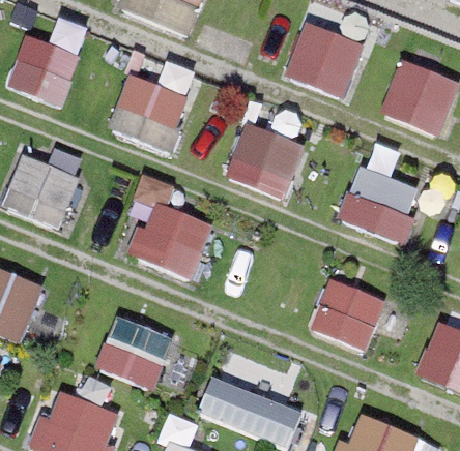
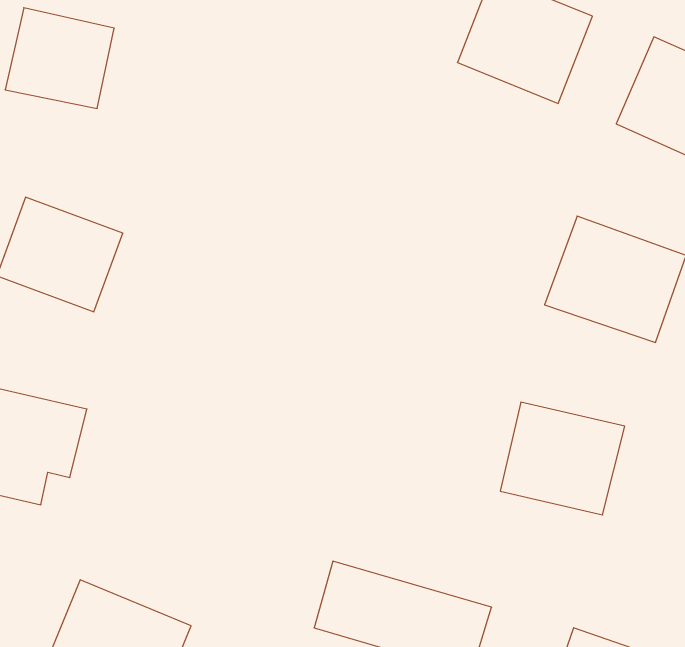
building: [124,53,195,128] -> none
building: [226,124,305,200] -> none
building: [130,202,212,280] -> none
building: [92,315,175,390] -> none

